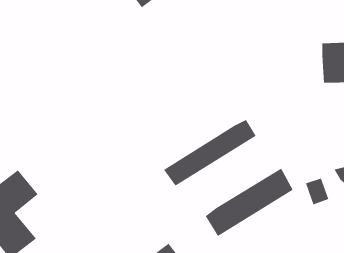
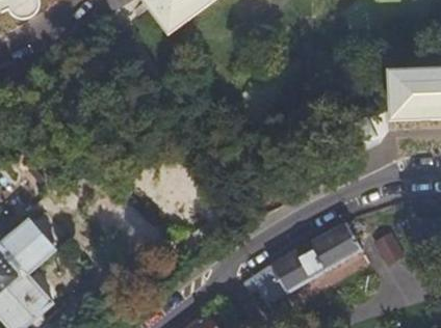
building: [163,119,257,187] -> none

